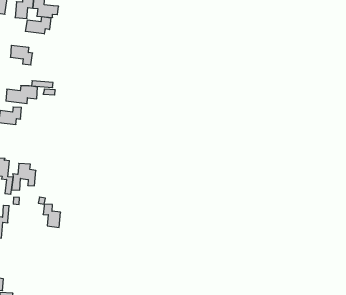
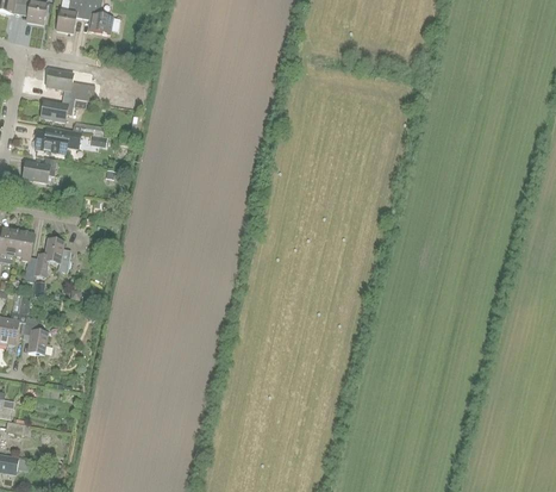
building: [25,17,51,34] -> none
building: none -> [39,96,74,122]
building: [43,204,61,227] -> [23,319,48,354]

